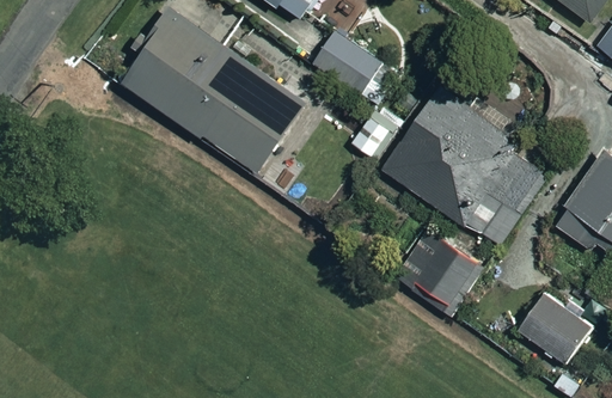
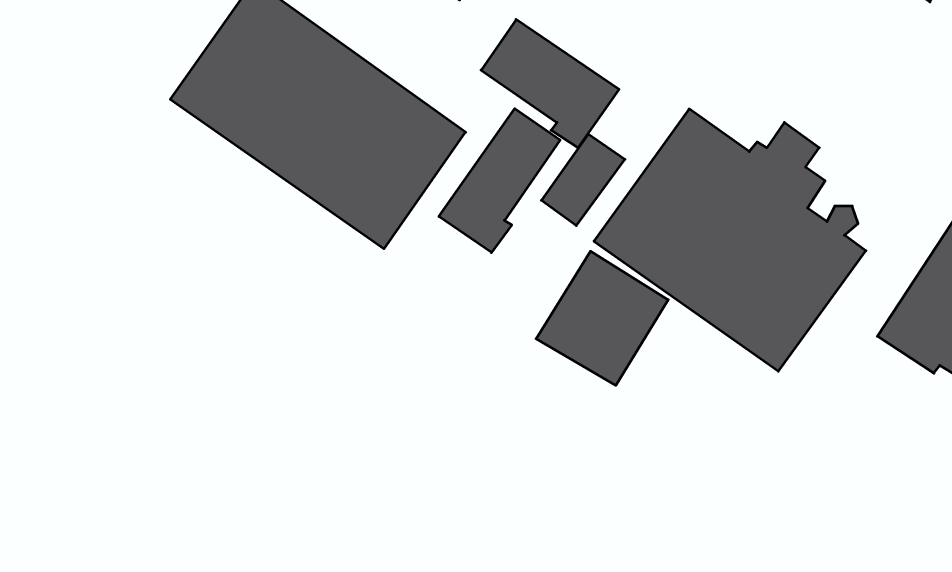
building: none -> [439,109,560,253]
building: [399,233,481,316] -> [536,251,668,385]
building: [508,287,587,362] -> none

